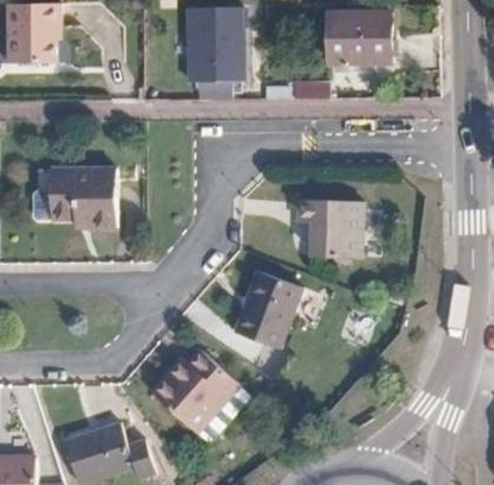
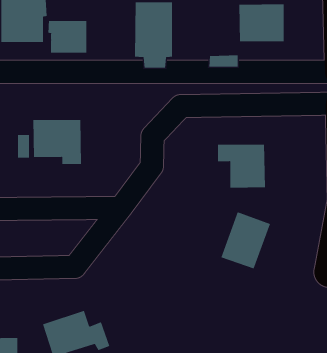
building: none -> [48,20,87,54]
building: [236,273,304,351] -> [221,212,271,269]
building: [151,348,238,430] -> none

